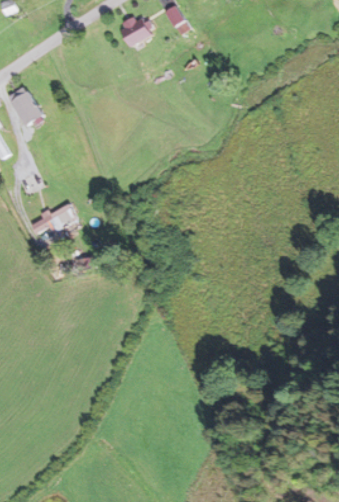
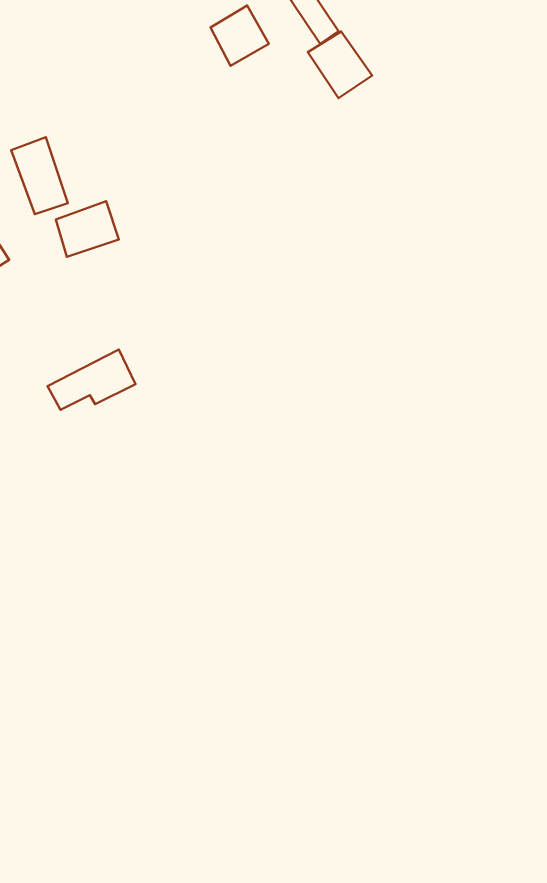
building: none -> [308,31,372,98]
building: none -> [56,201,119,257]

